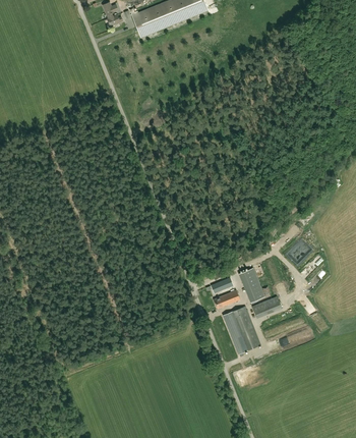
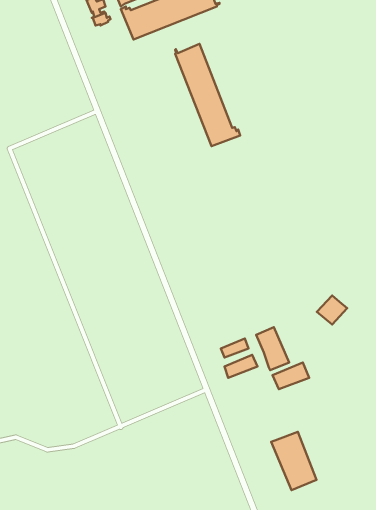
building: none -> [175,44,240,146]
building: [224,306,260,352] -> [271,432,317,490]

